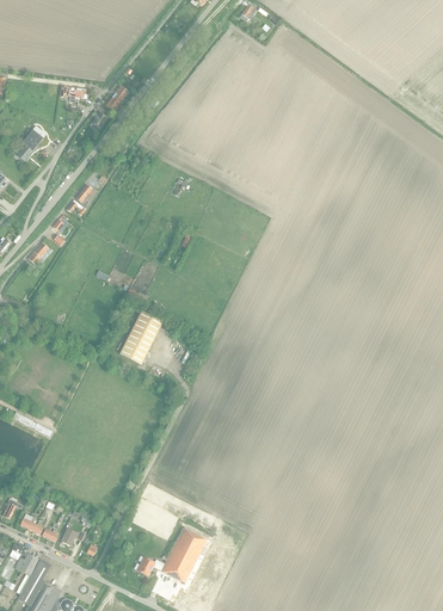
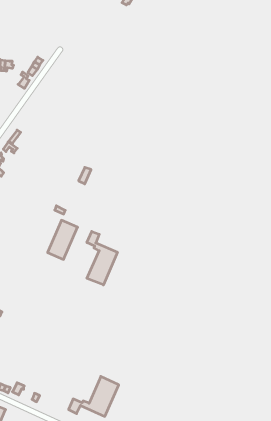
building: none -> [87,231,117,285]

